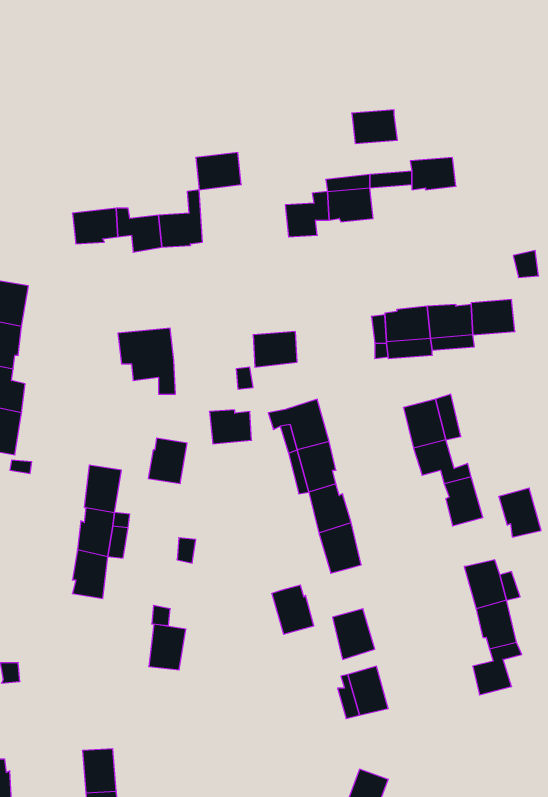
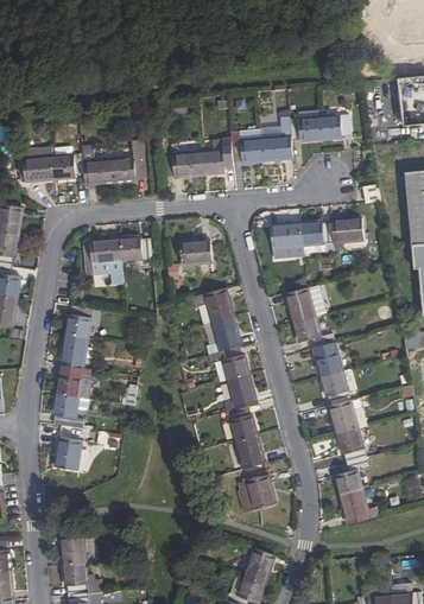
building: [352,110,397,144] -> [261,138,293,161]
building: [196,153,241,190] -> [172,152,204,178]
building: none -> [319,116,350,139]
building: none -> [18,147,55,183]
building: [209,410,252,444] -> [121,237,151,261]
building: [148,438,187,484] -> [64,306,91,338]
building: [499,488,541,537] -> [319,371,349,406]
building: [272,585,314,634] -> [227,407,257,441]
building: [149,624,186,670] -> [55,438,81,470]
building: none -> [338,490,378,526]

